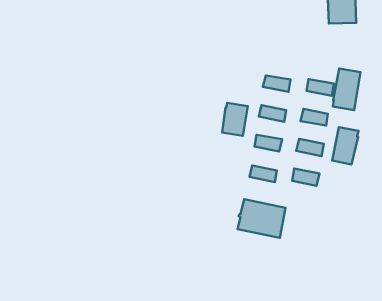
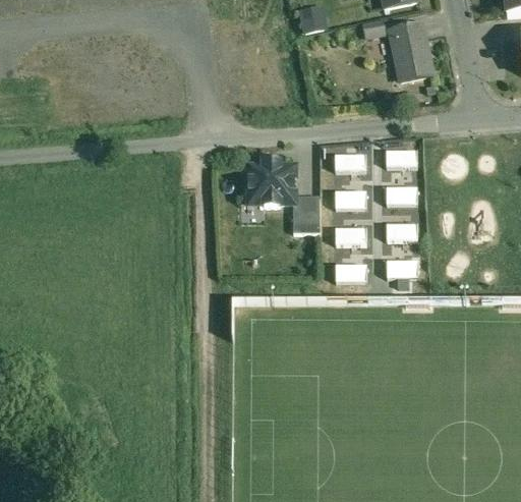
building: [333,68,361,110] -> none
building: none -> [248,165,293,205]
building: [332,127,358,164] -> none
building: [238,199,286,238] -> none

